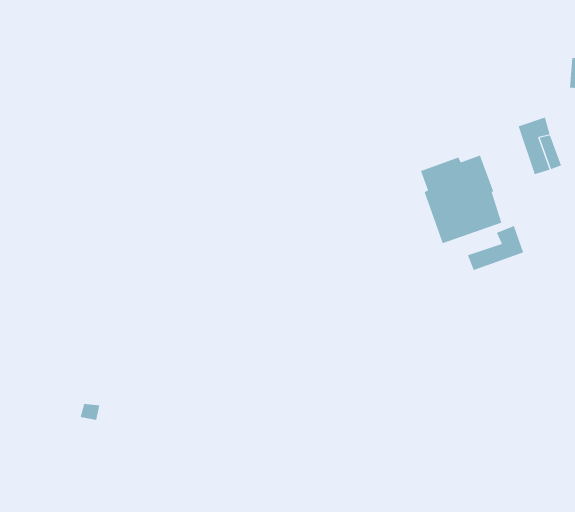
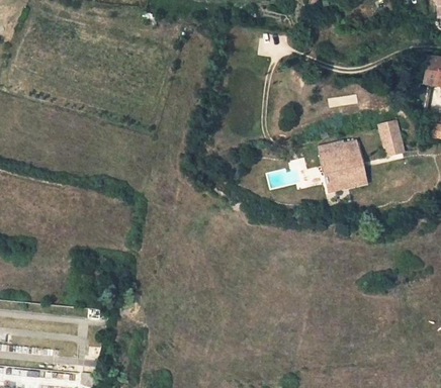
building: [467,225,524,271] -> none

